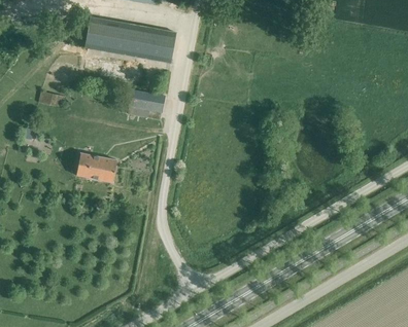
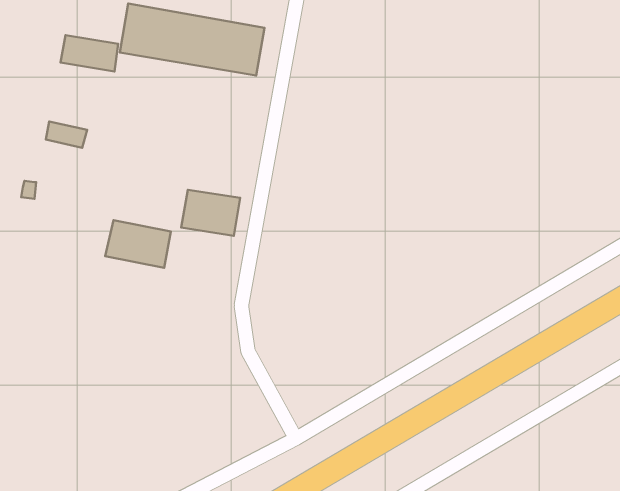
building: none -> [61,35,118,72]
building: [126,89,163,118] -> [181,190,240,236]

